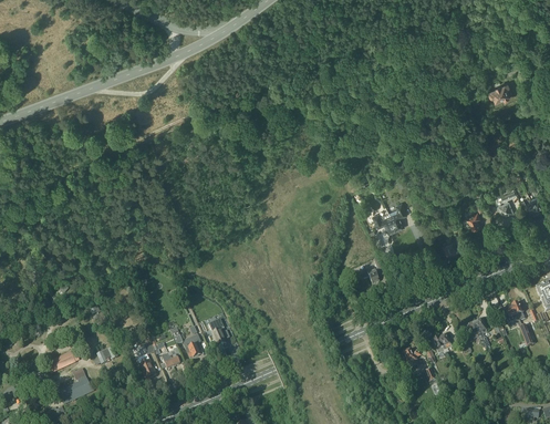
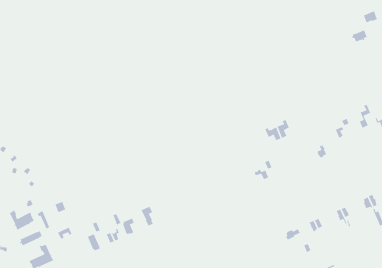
building: none -> [9,209,35,231]

